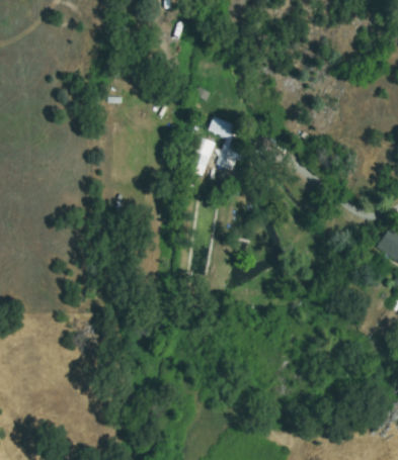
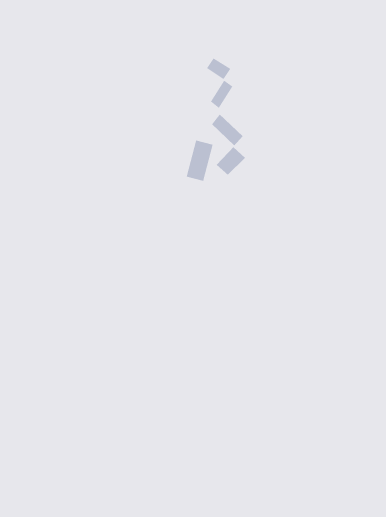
building: none -> [206,58,233,109]

